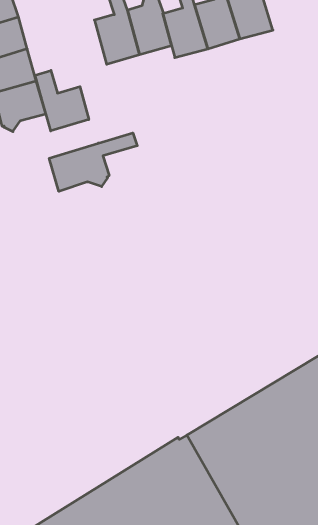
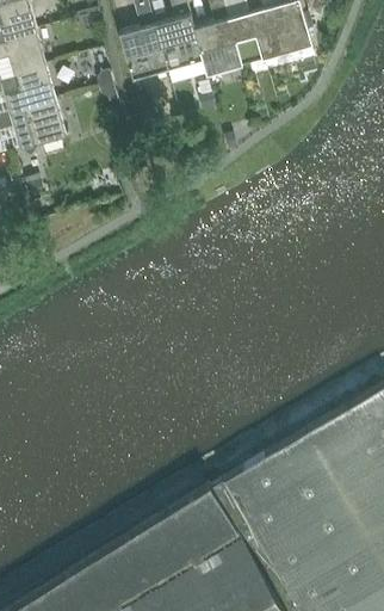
building: [35,70,89,131] -> none
building: [49,133,137,191] -> none

